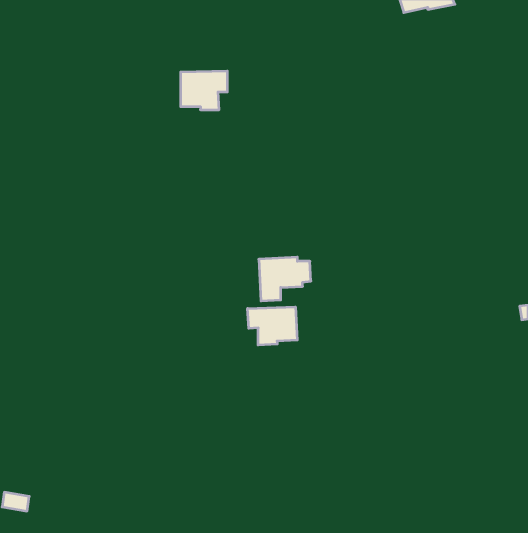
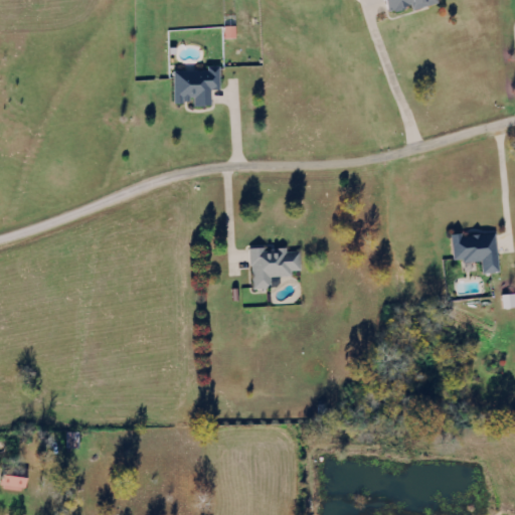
building: none -> [452,231,498,274]
building: [248,307,297,345] -> none

